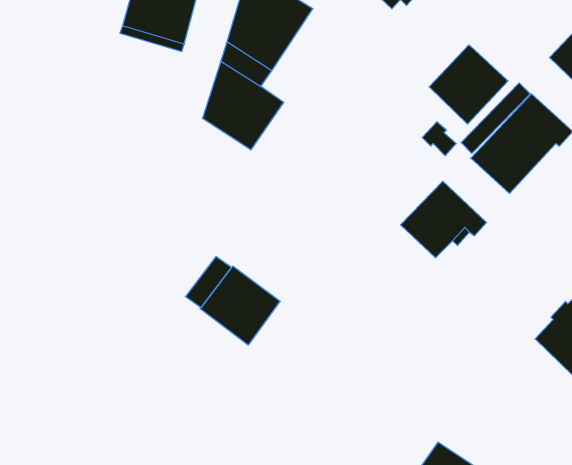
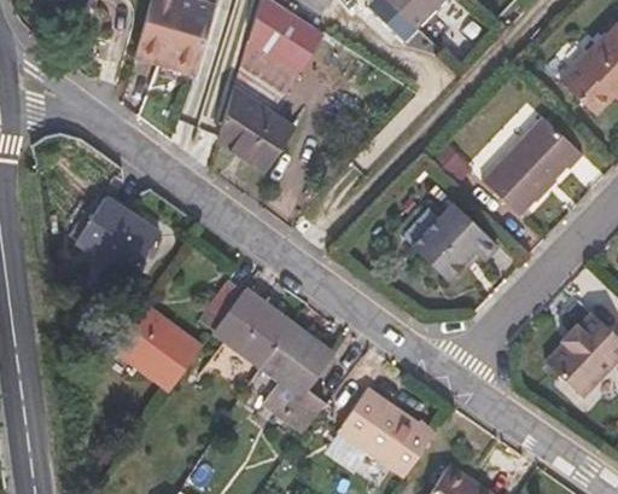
building: [429,45,508,124] -> none
building: none -> [75,194,161,278]
building: none -> [110,303,202,390]
building: none -> [261,324,334,432]
building: none -> [338,388,436,476]

